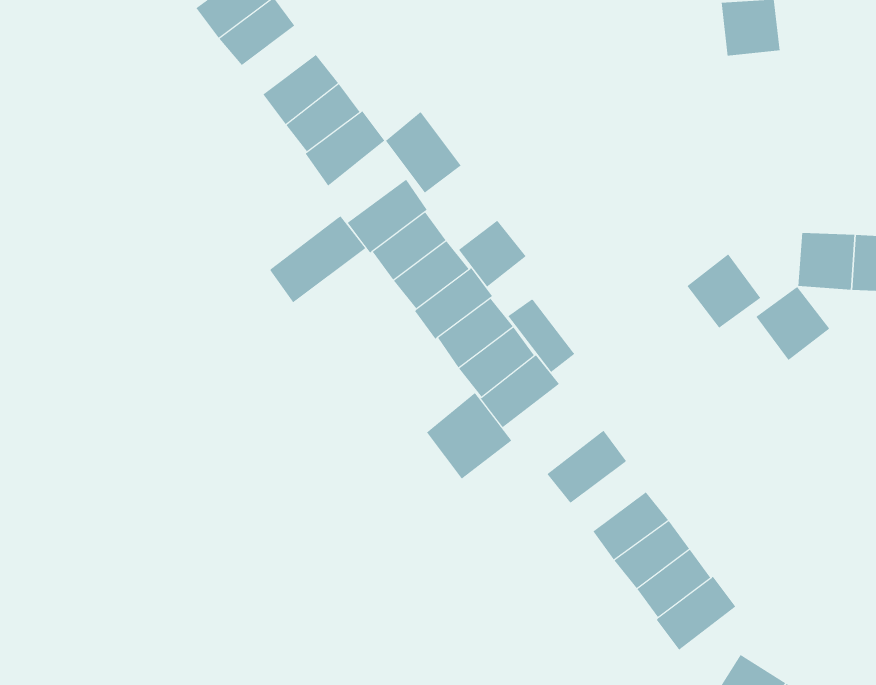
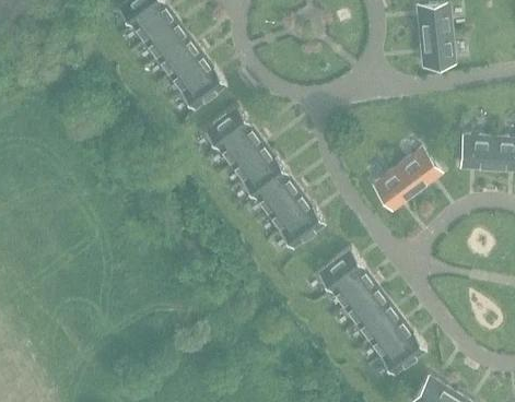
building: none -> [143,19,186,58]
building: none -> [420,33,454,66]
building: [385,111,461,193] -> none
building: [270,215,366,303] -> none
building: [458,220,526,288] -> none
building: [755,286,830,361] -> [373,167,415,210]
building: [508,299,575,373] -> none
building: [426,392,512,479] -> none
building: none -> [331,268,374,307]

